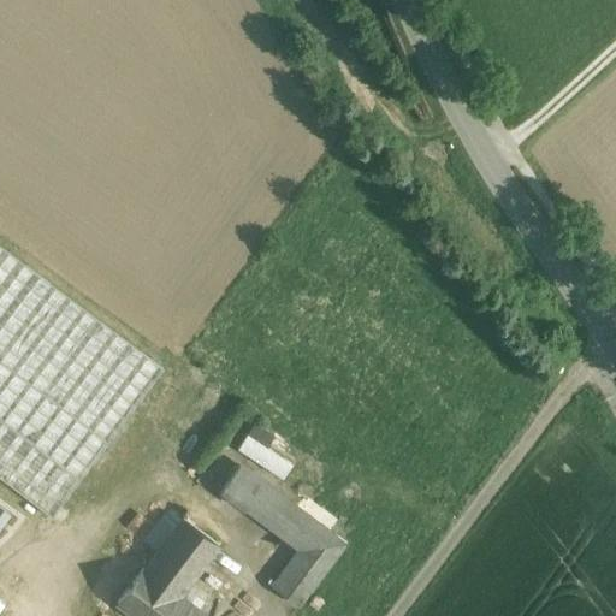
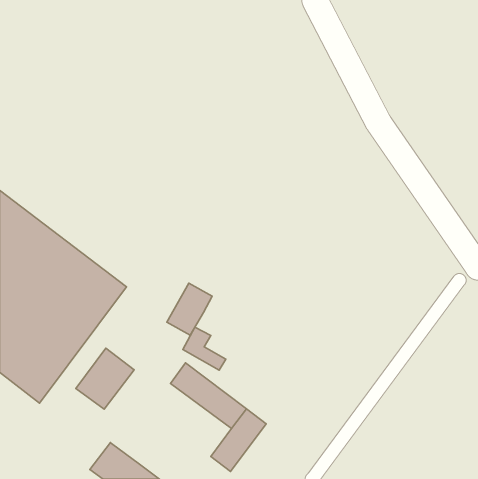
building: none -> [167,283,212,335]
building: [143,517,218,596] -> [76,348,134,409]

